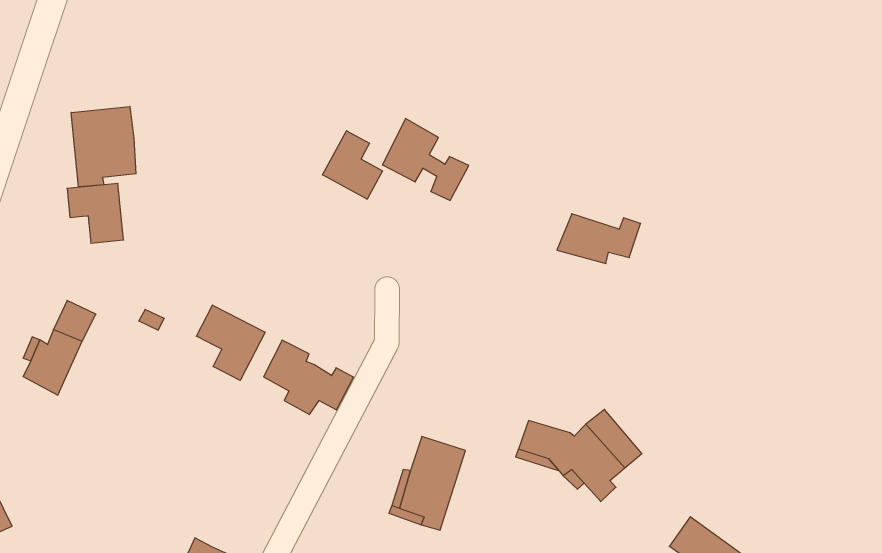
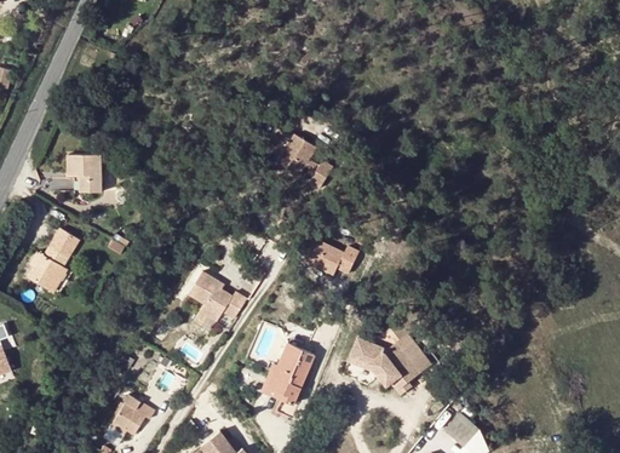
building: [71,106,136,187] -> none
building: [322,131,383,199] -> none
building: [557,214,641,264] -> [300,240,357,275]
building: [196,305,265,380] -> none

